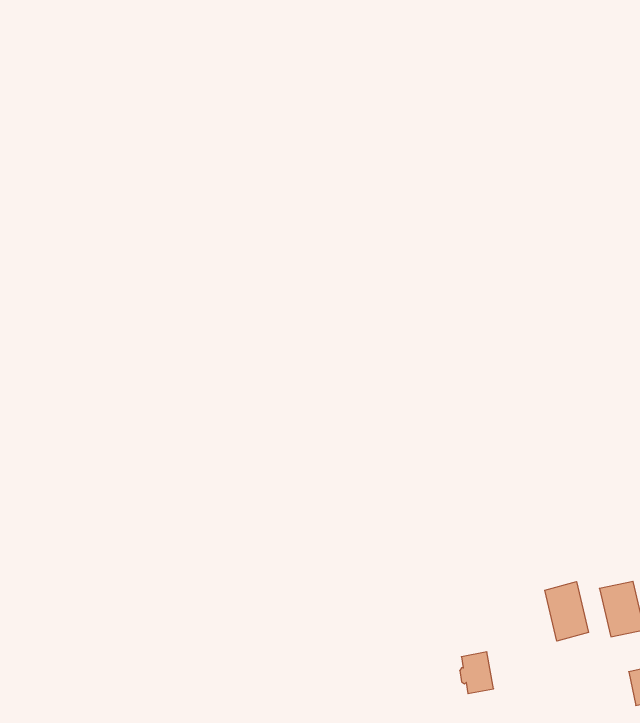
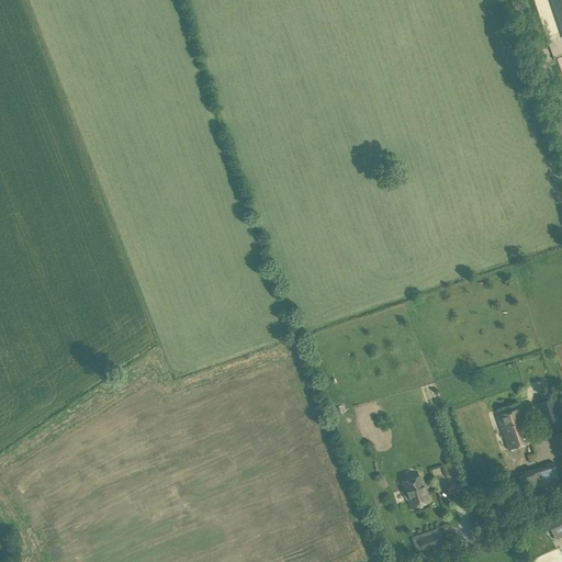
building: [545,582,589,641] -> none

